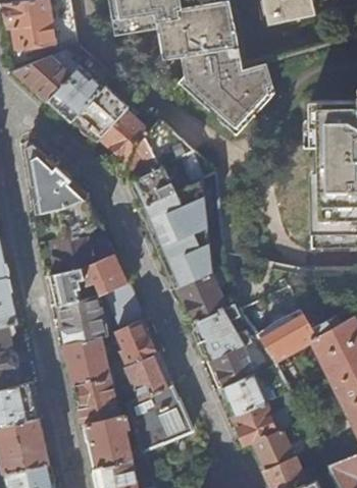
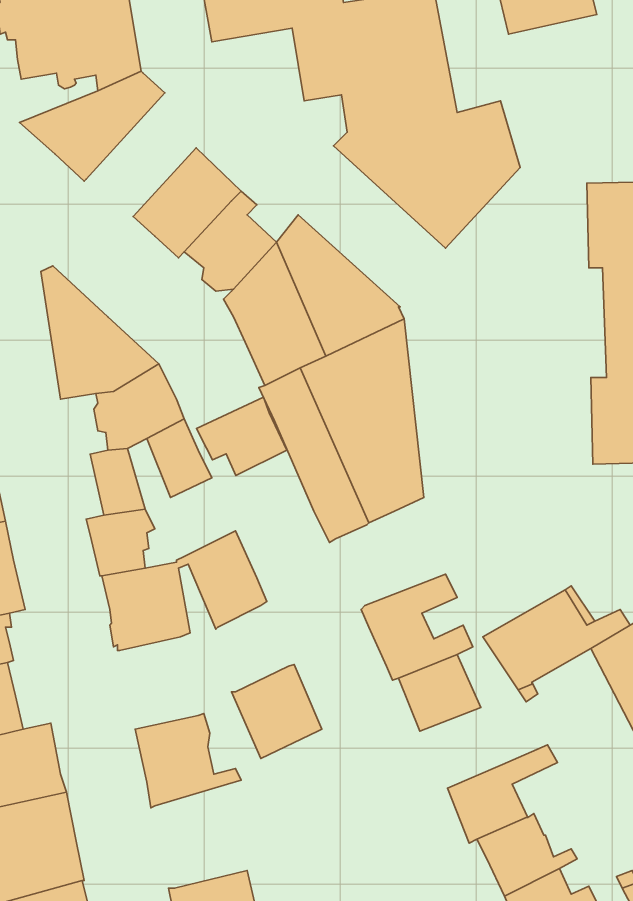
building: [49,55,113,120] -> none
building: [80,255,126,295] -> [197,397,287,476]
building: [178,272,225,321] -> none
building: [116,321,154,366] -> none
building: [65,337,107,385] -> none
building: [222,374,265,416] -> none
building: [126,386,191,451] -> none
building: [85,414,133,468] -> none

